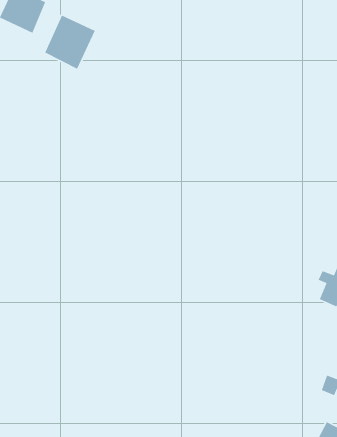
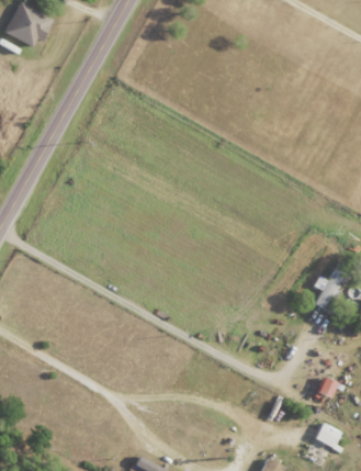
building: [44,14,96,70] -> none

